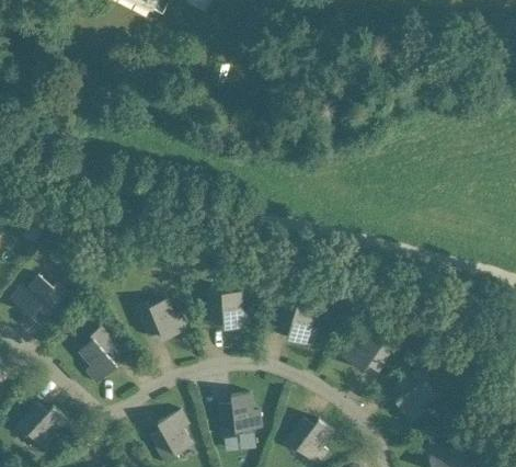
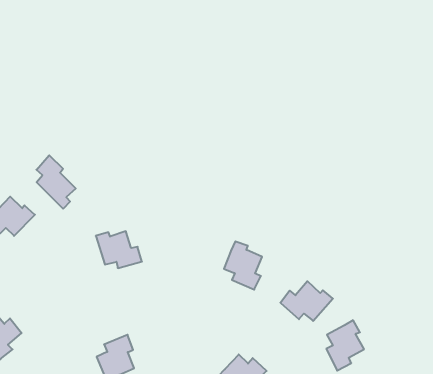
building: none -> [36,155,76,209]
building: [208,287,251,328] -> none
building: [79,324,123,381] -> none
building: [219,391,263,435] -> none

